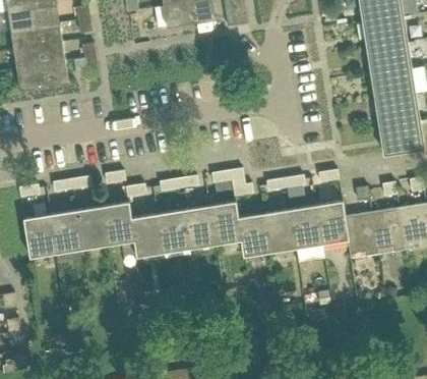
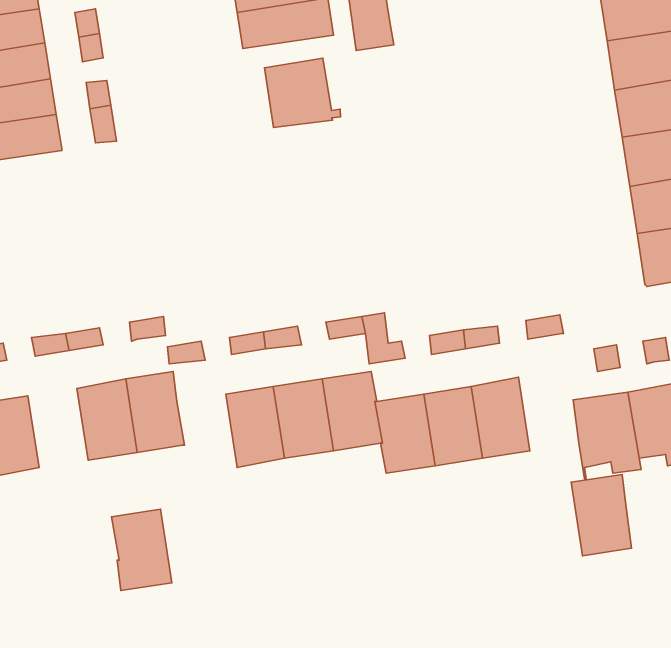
building: none -> [265,58,341,128]
building: [314,201,347,245] -> [571,475,632,556]
building: [50,211,82,254] -> none
building: [130,214,163,258] -> [112,509,172,590]

